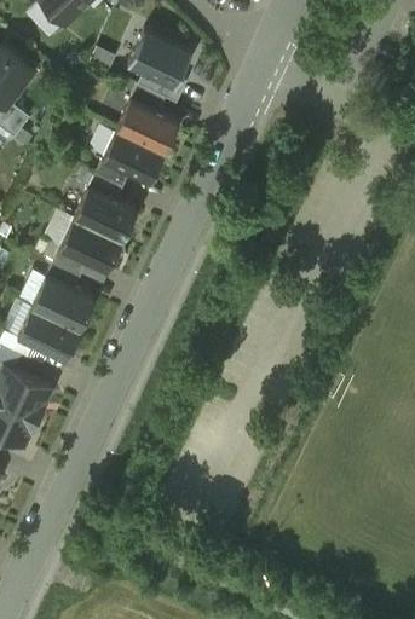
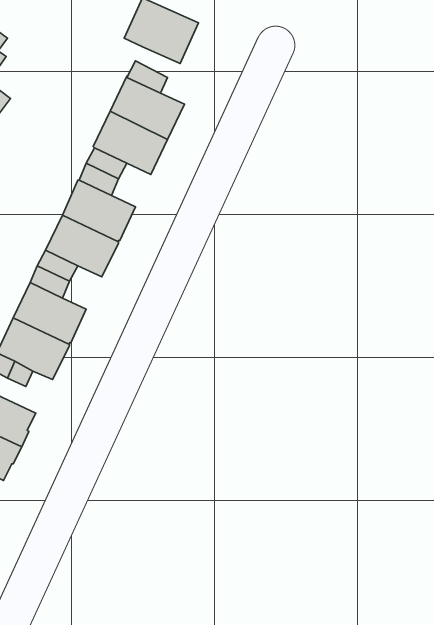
building: [137,74,186,105] -> none

